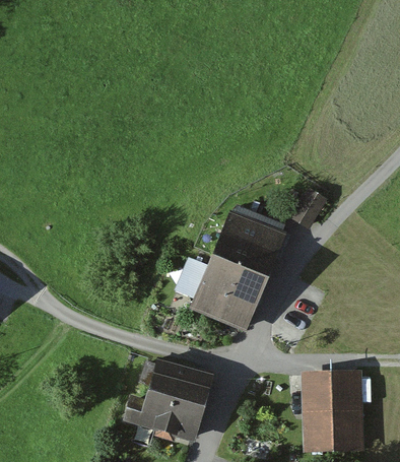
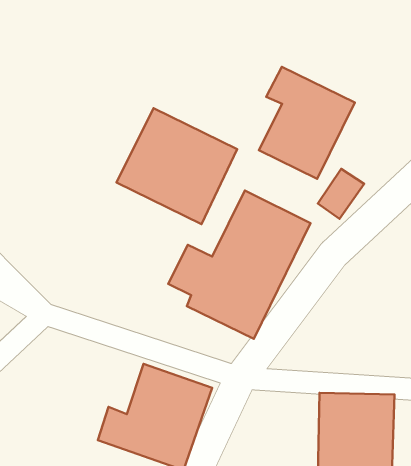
building: none -> [259,67,355,179]
building: none -> [117,108,237,224]

